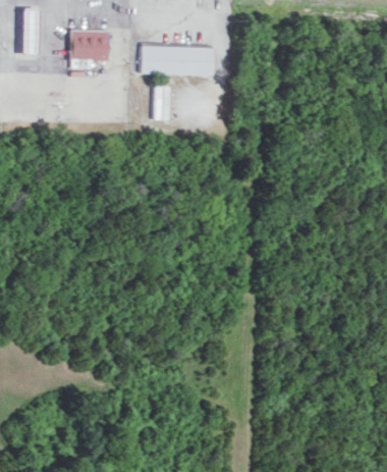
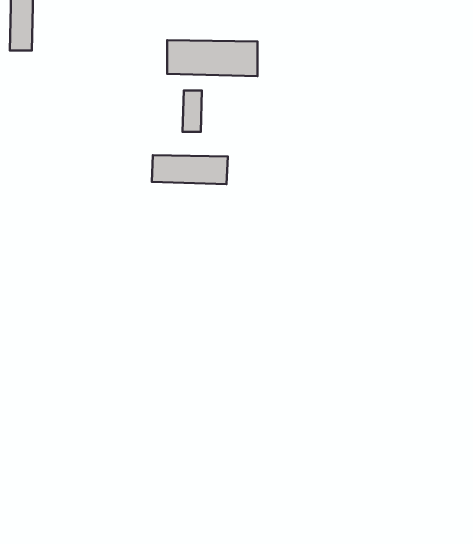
building: [70,30,108,61] -> none
building: none -> [152,155,228,184]

